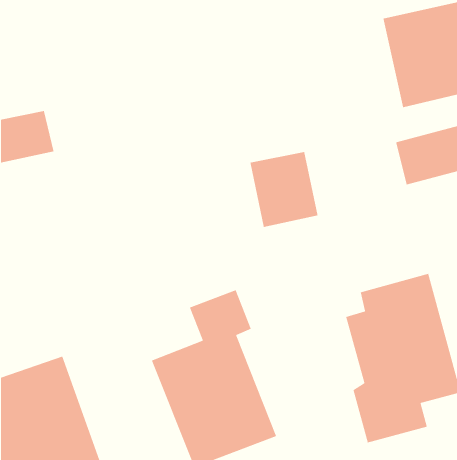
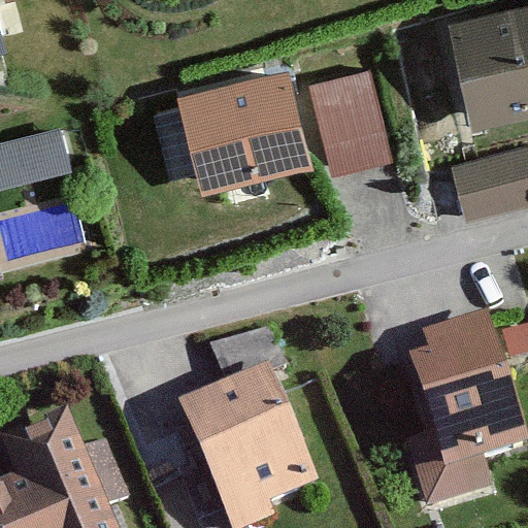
building: none -> [169,68,309,191]
building: [249,151,319,228] -> [308,67,387,154]

